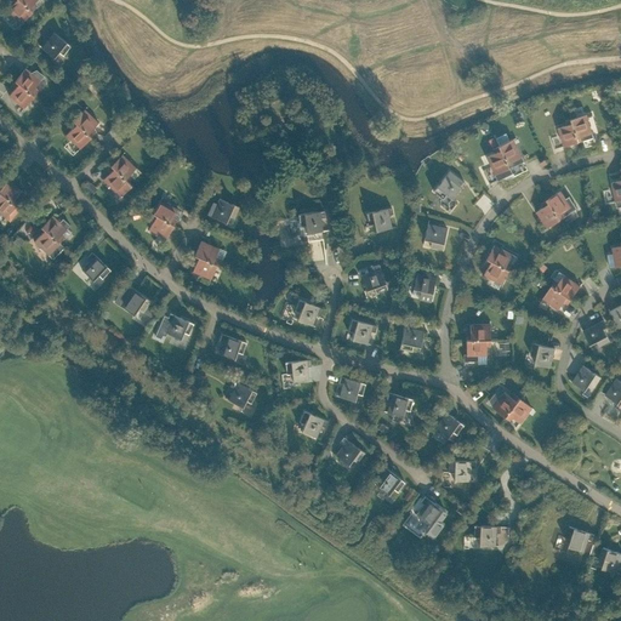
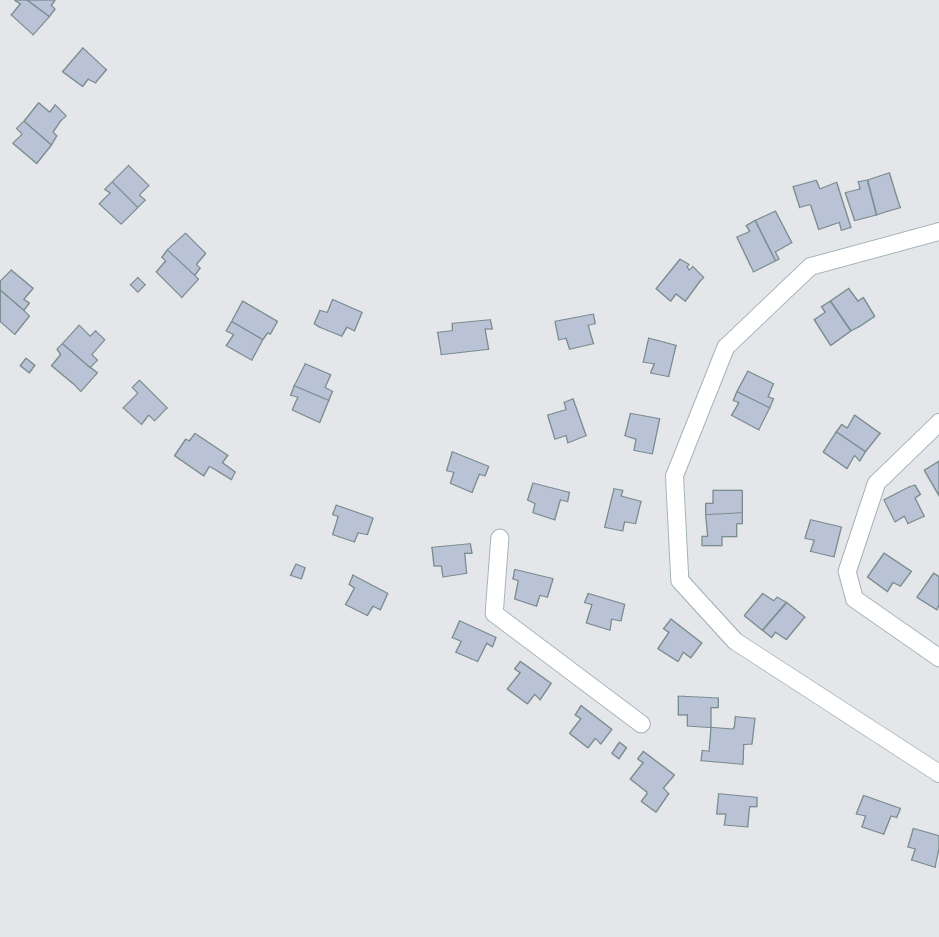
building: none -> [793,180,851,230]
building: [155,314,194,340] -> none
building: none -> [701,716,755,764]

